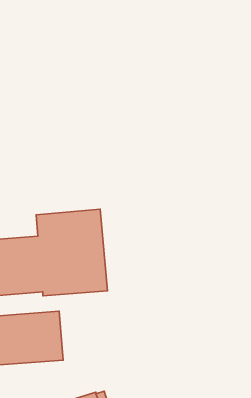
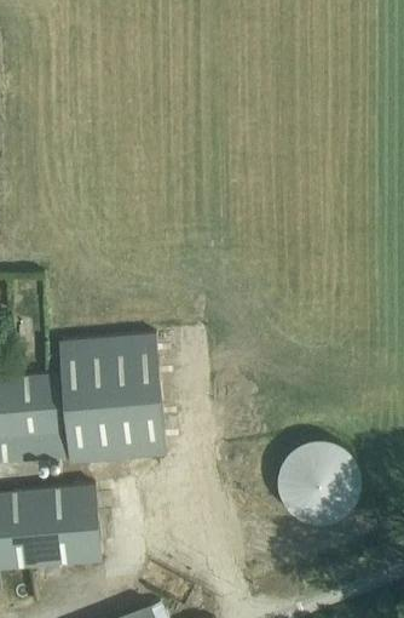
building: none -> [277,440,362,523]

